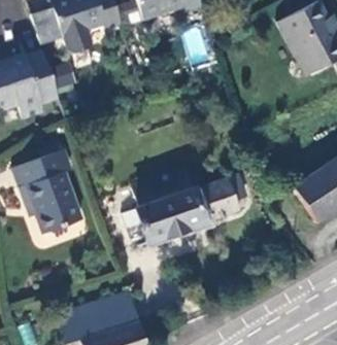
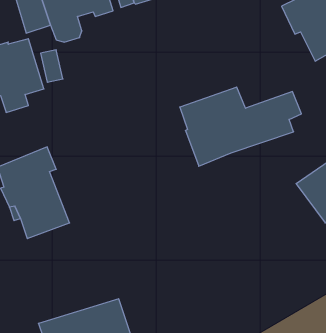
building: [131,170,243,243] -> [180,87,301,166]

